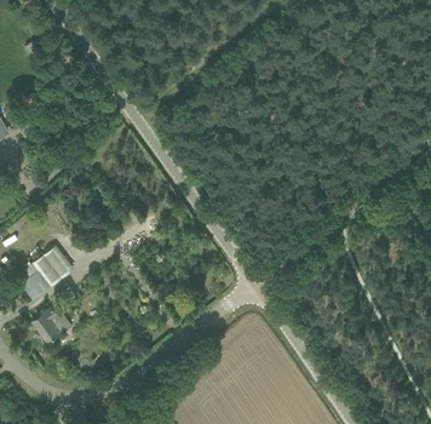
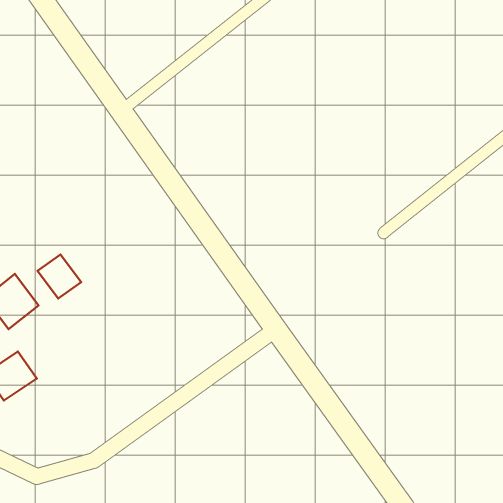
building: none -> [37,254,81,299]

